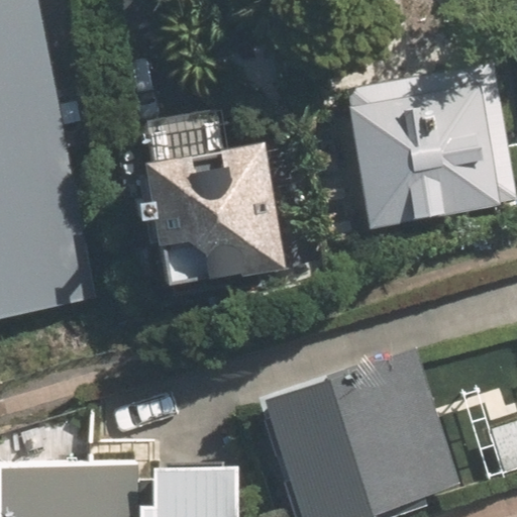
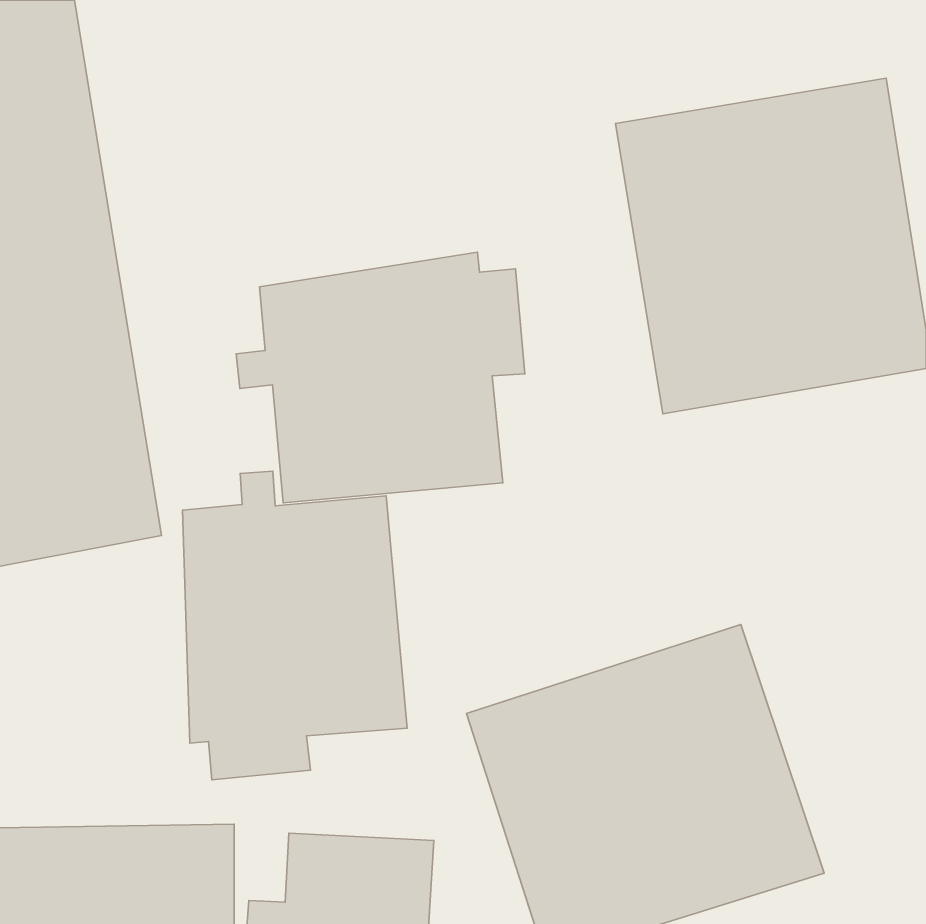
building: none -> [183,471,407,780]

